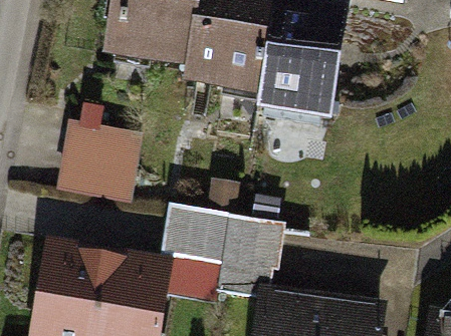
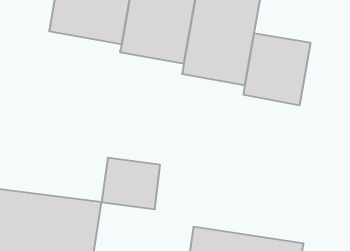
building: none -> [243,33,310,105]
building: [66,122,139,194] -> none
building: [217,212,273,300] -> none

